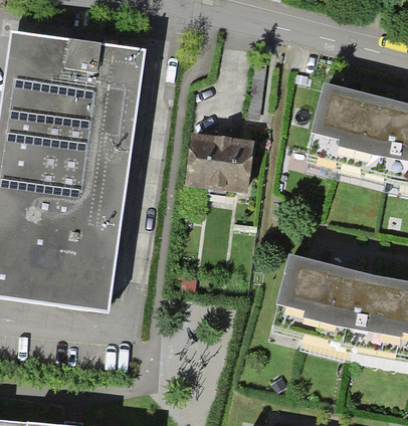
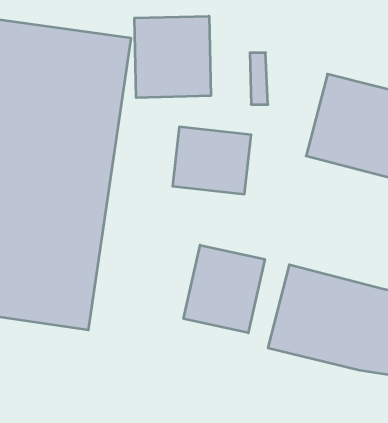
building: none -> [135,16,211,98]
building: none -> [184,245,265,333]

